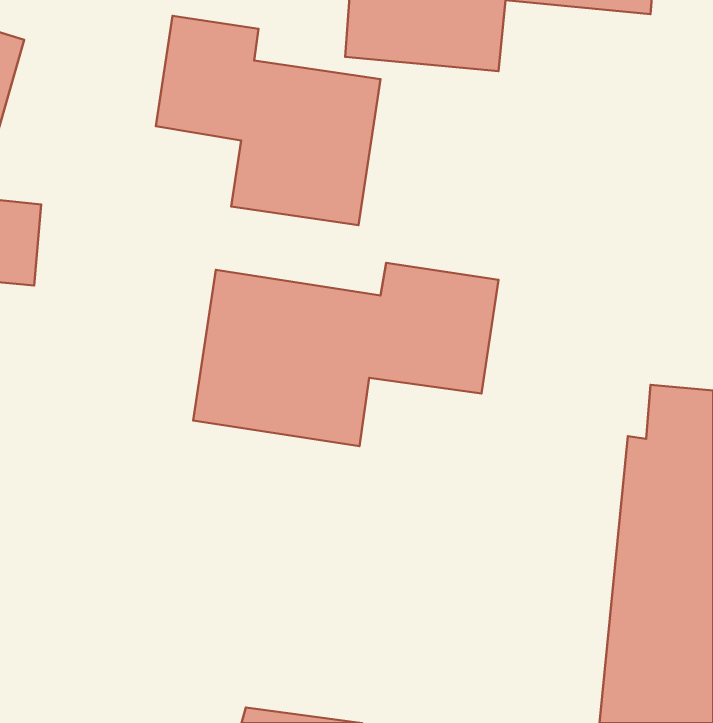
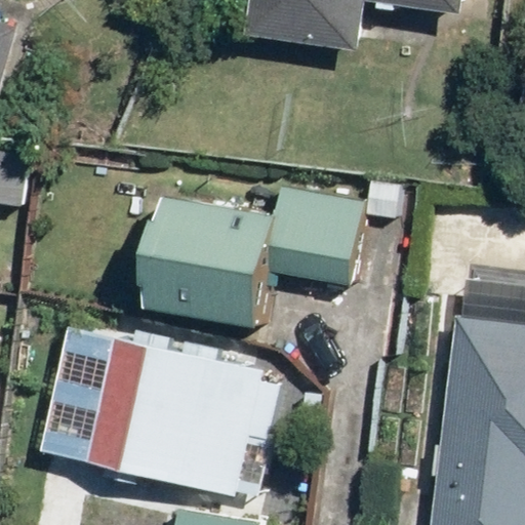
building: [156,16,381,225] -> none
building: none -> [89,341,264,496]

